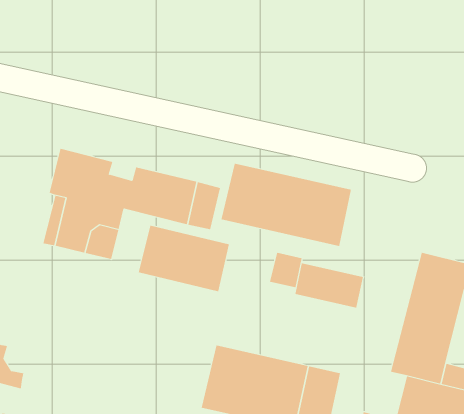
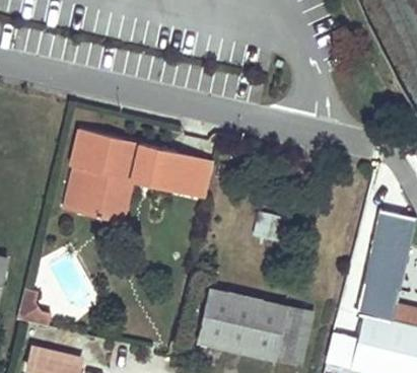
building: [221,163,352,247] -> none
building: [138,225,230,292] -> none
building: [295,263,363,308] -> none

